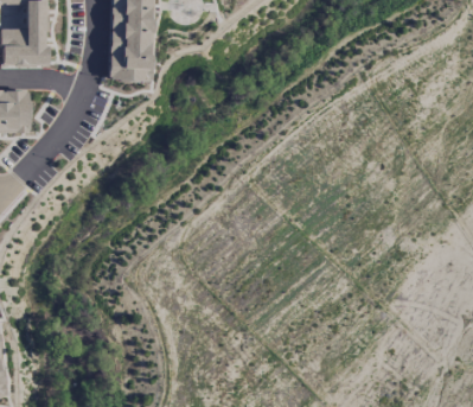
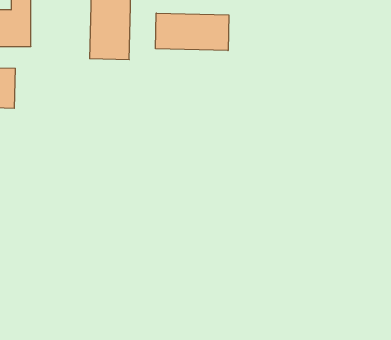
building: none -> [156,13,229,51]

